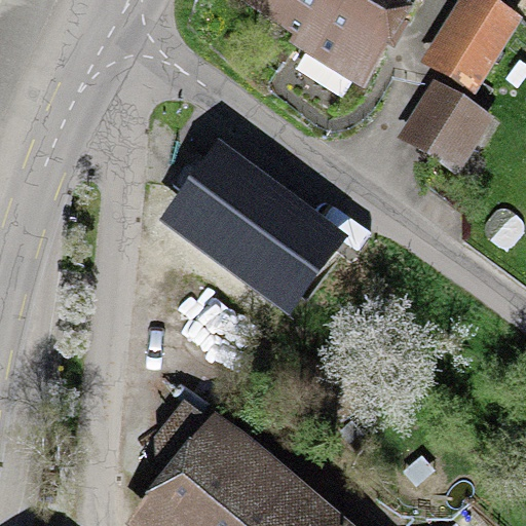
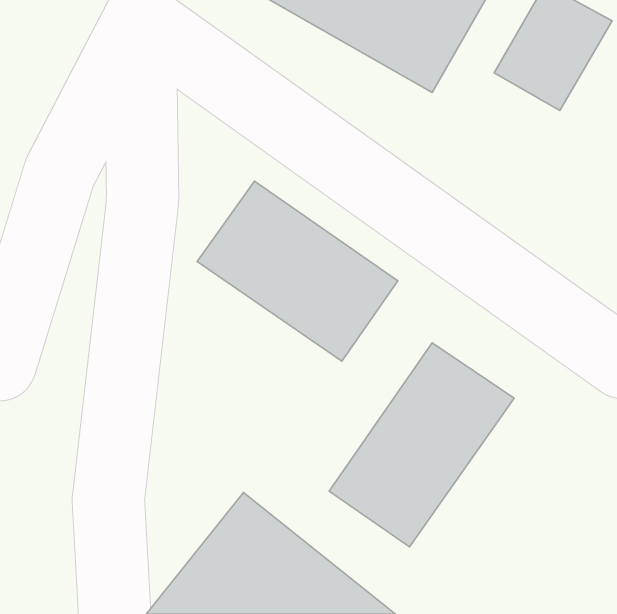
building: [400,81,495,173] -> none
building: none -> [329,343,514,547]

